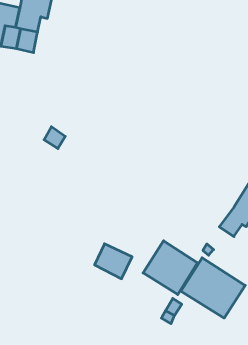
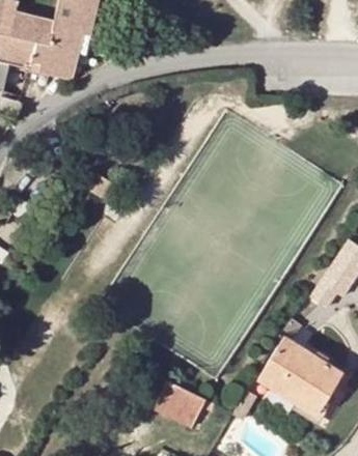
building: [143,241,197,295] -> none
building: [95,244,132,279] -> [157,383,204,428]

